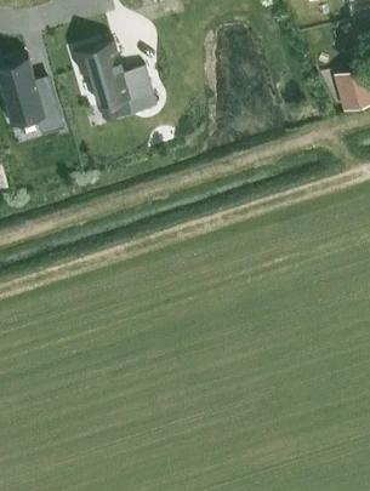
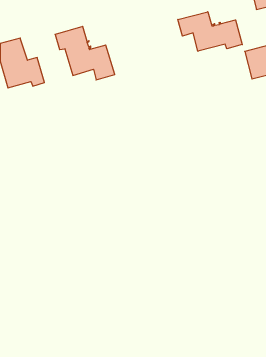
building: none -> [178,12,242,51]

